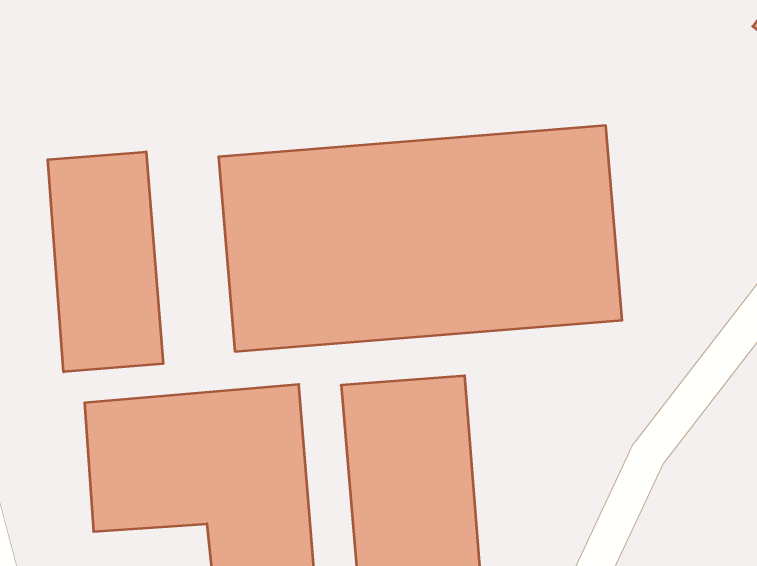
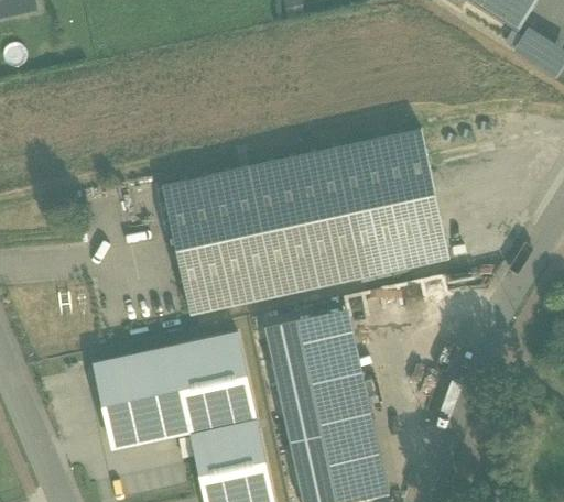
building: [48,152,163,372] -> none

